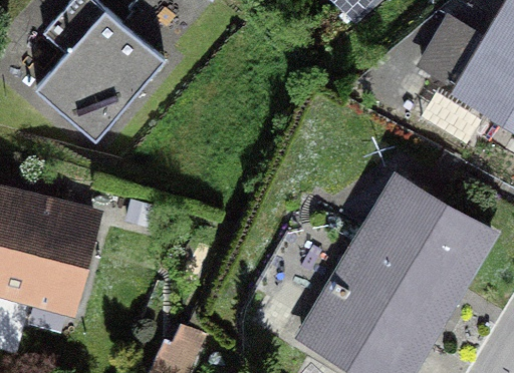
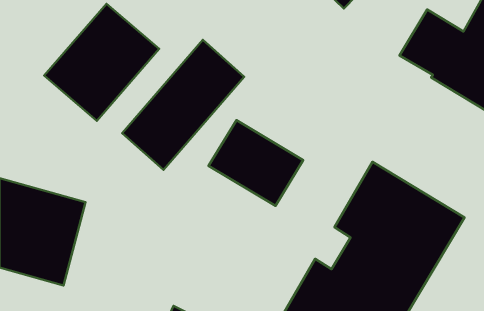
building: none -> [122,40,244,170]
building: none -> [208,120,303,206]

